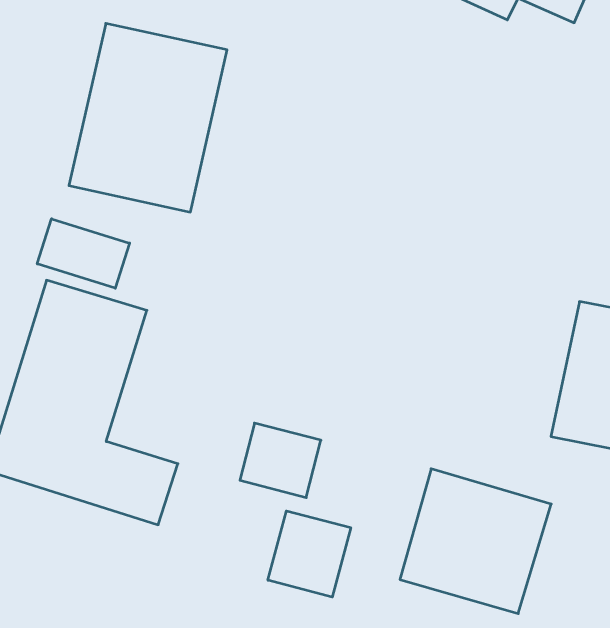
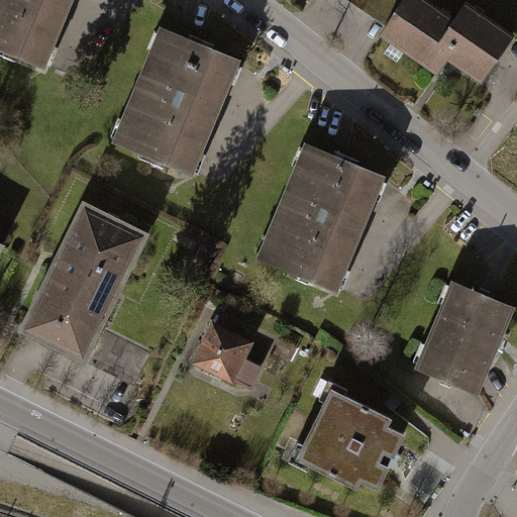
building: none -> [252,144,383,290]
building: [37,219,130,288] -> none
building: [268,511,351,597] -> none

